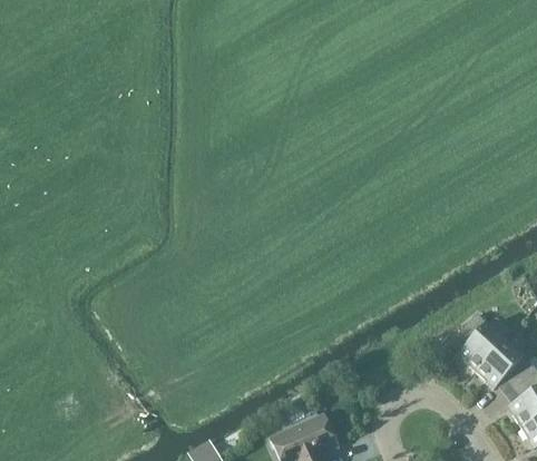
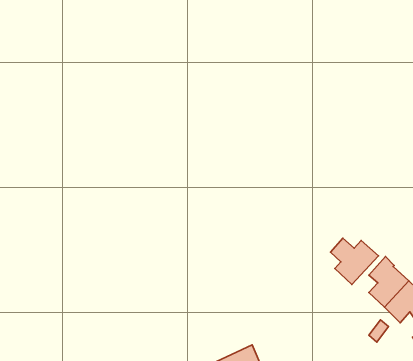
building: none -> [331,238,379,284]

